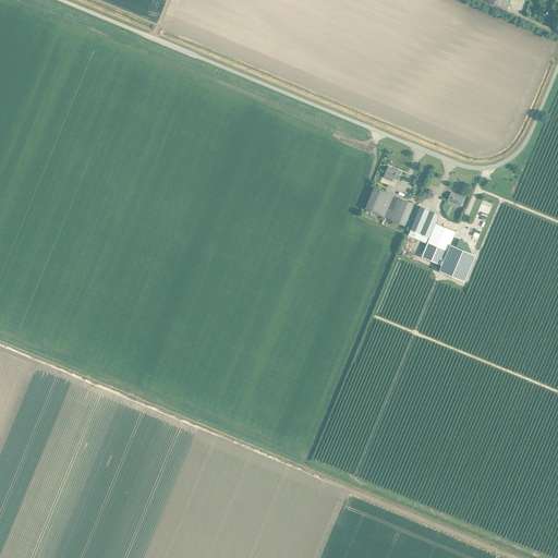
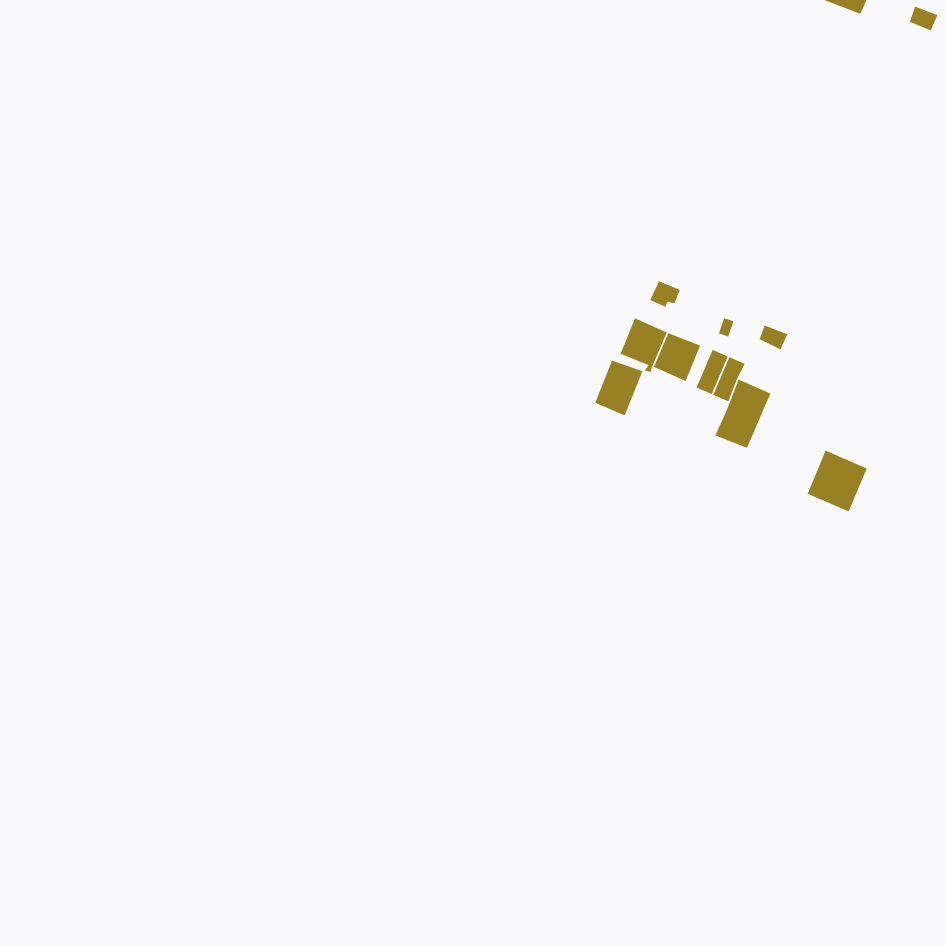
building: none -> [594,360,644,416]
building: [438,244,474,281] -> [807,449,868,513]

